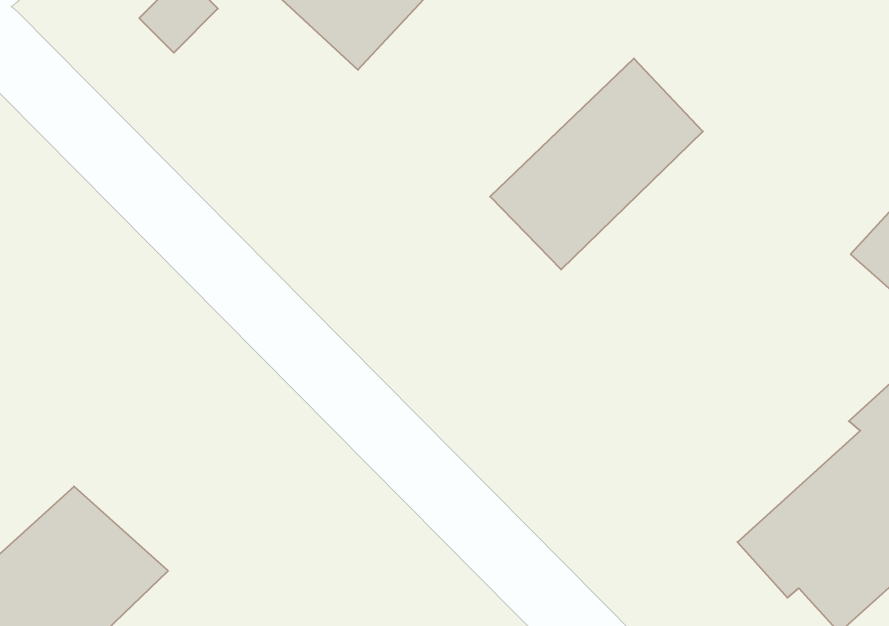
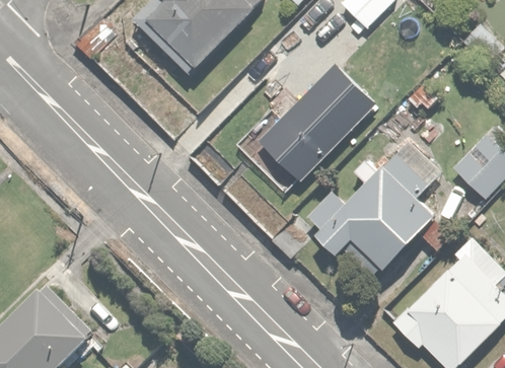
building: none -> [307,147,451,264]

